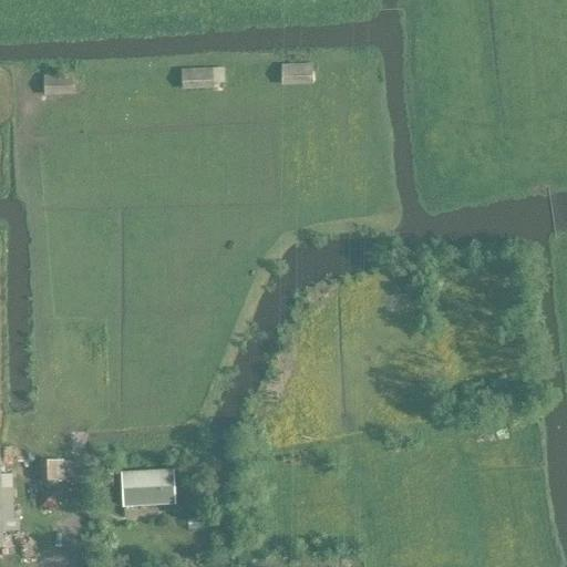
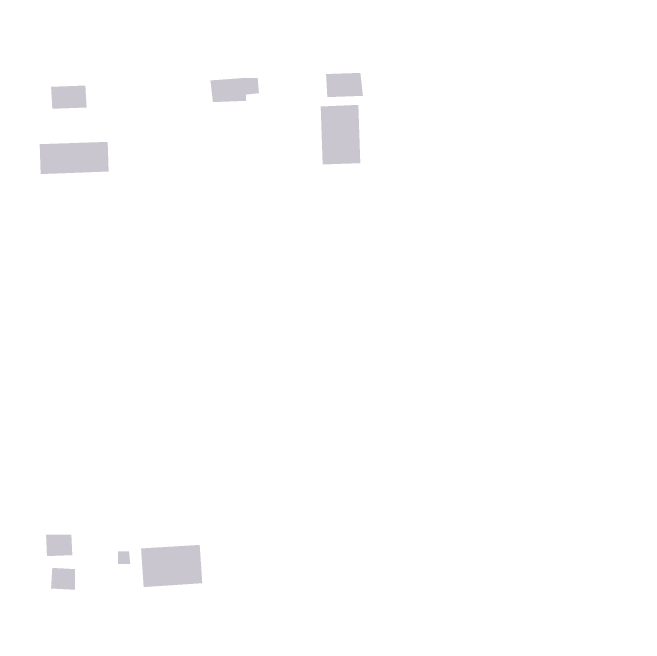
building: none -> [320,104,361,165]
building: none -> [39,141,110,175]

